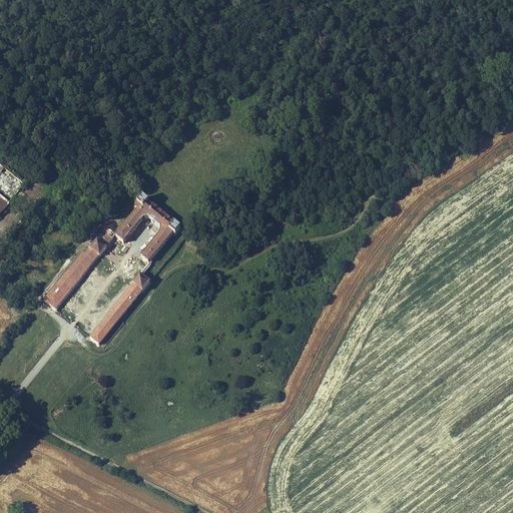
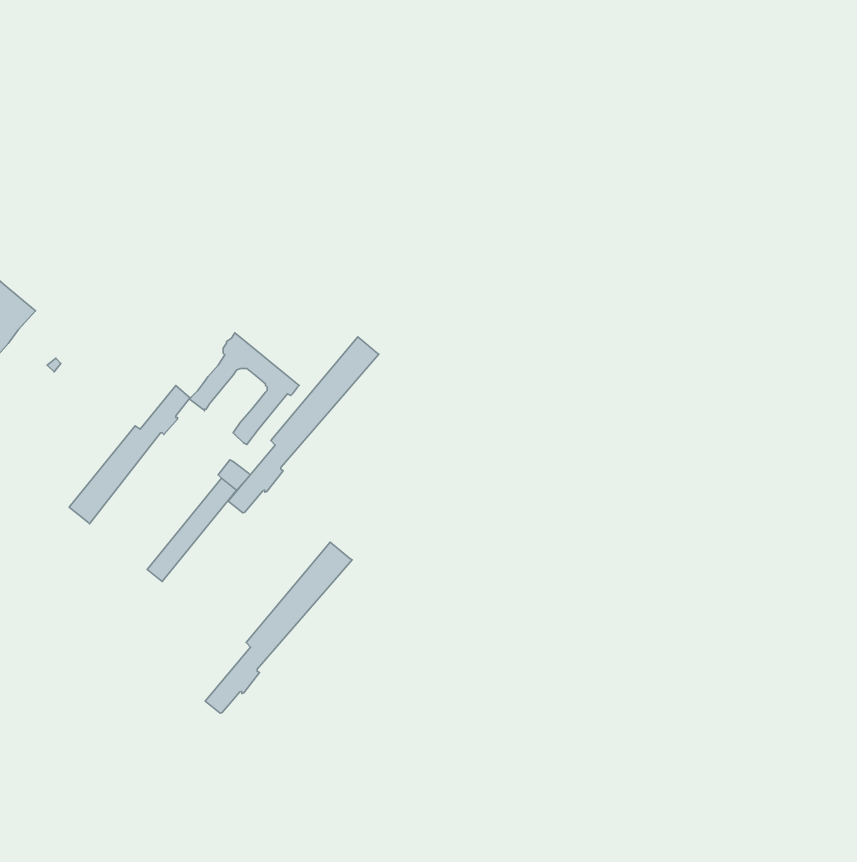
building: none -> [228,337,379,513]
building: none -> [205,542,352,713]

